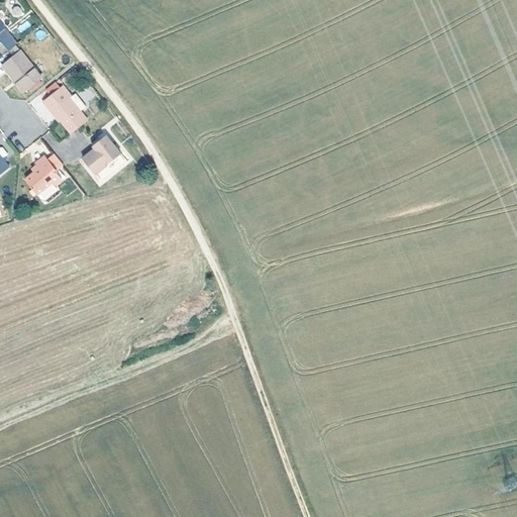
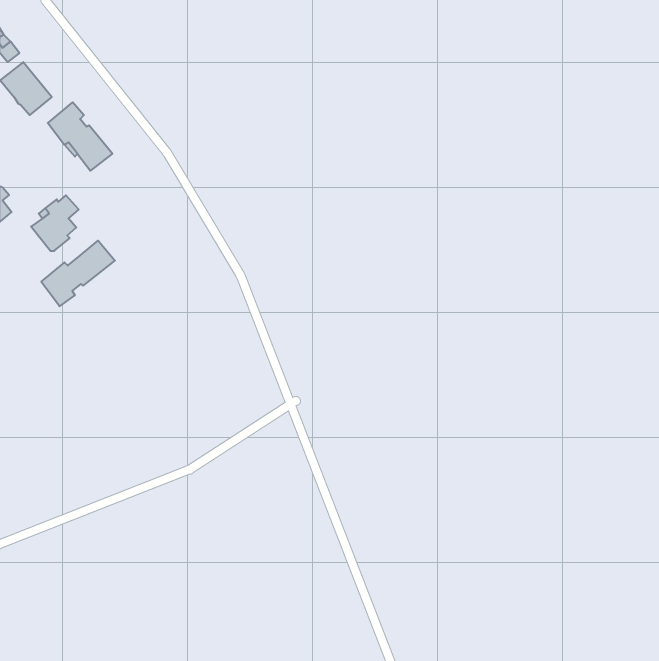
building: [81,132,119,174] -> none
building: none -> [41,241,115,306]

